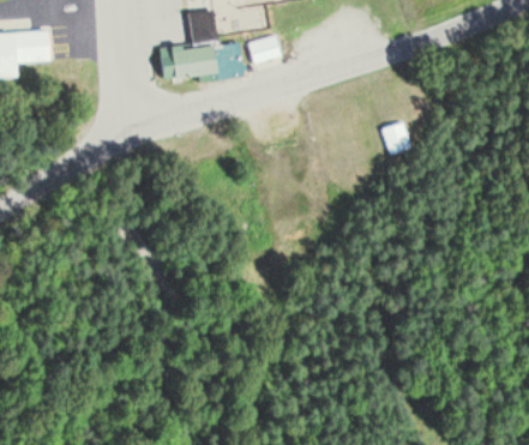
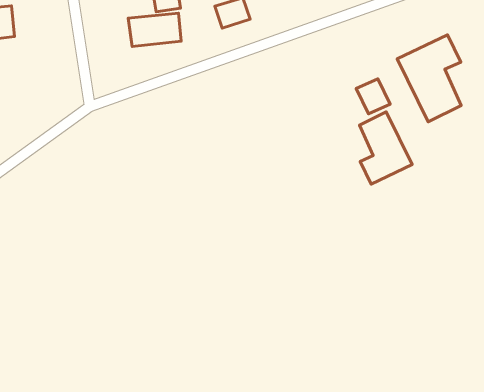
building: none -> [397,35,461,122]
building: none -> [359,112,412,184]

